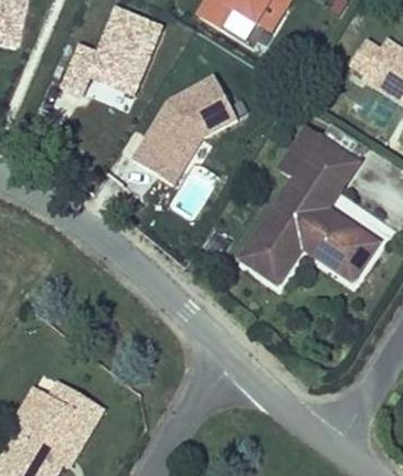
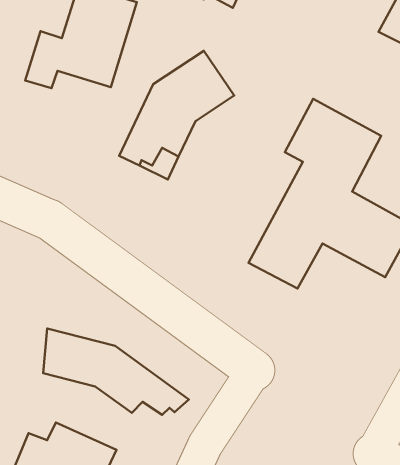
building: none -> [43,328,189,415]

